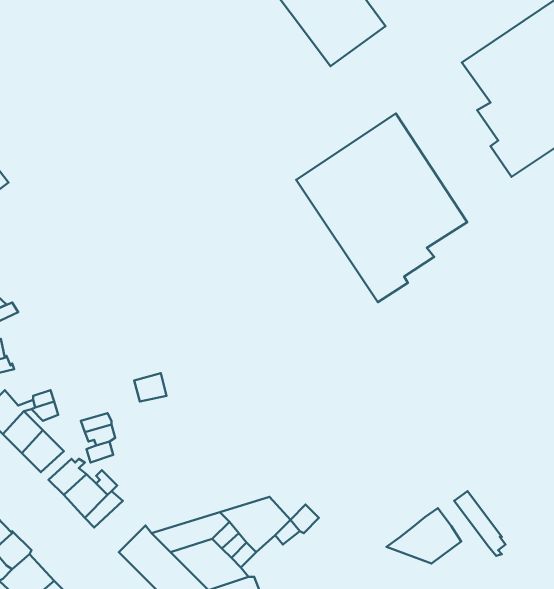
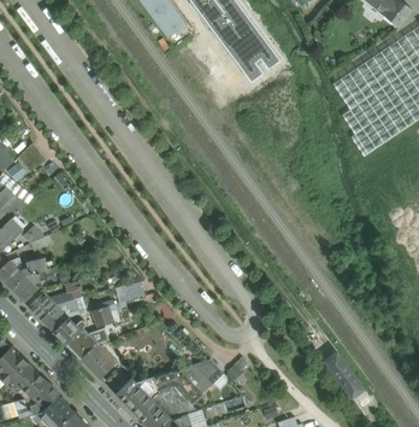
building: [296,113,467,302] -> none
building: [386,508,461,564] -> none

